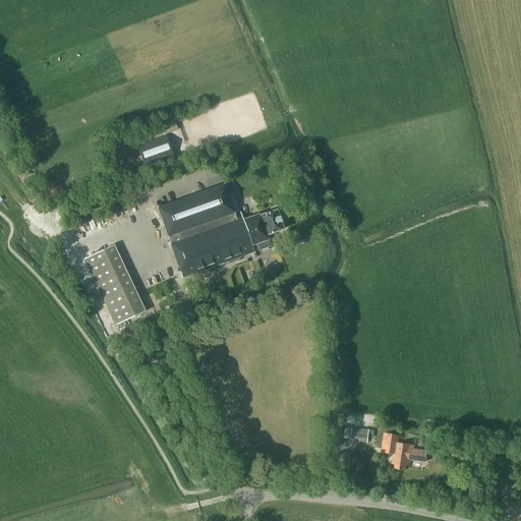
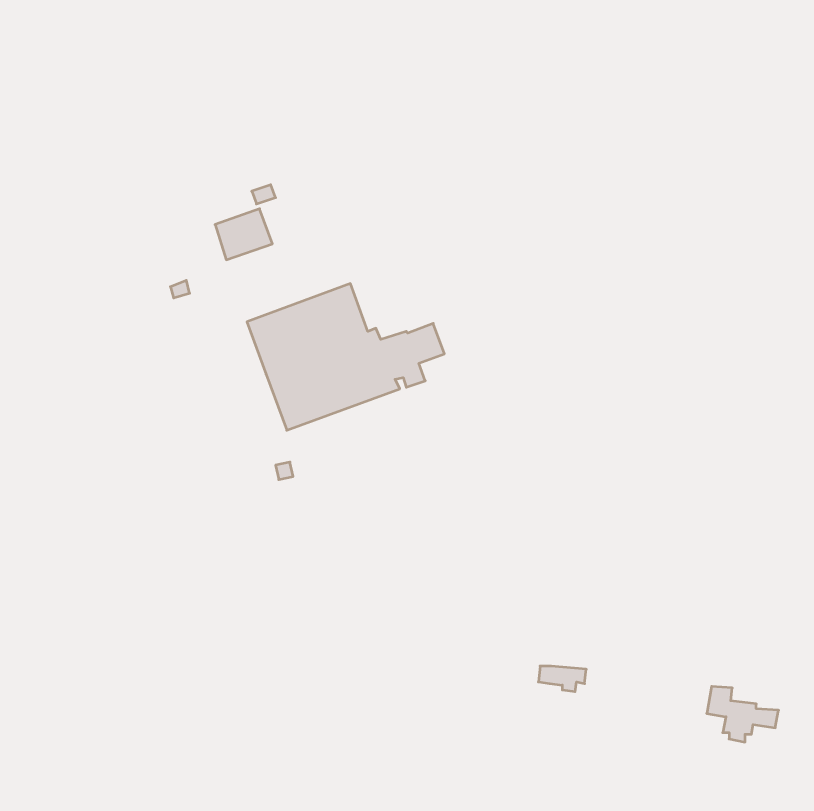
building: [83,243,144,324] -> none
building: [381,433,426,469] -> [707,686,779,742]

